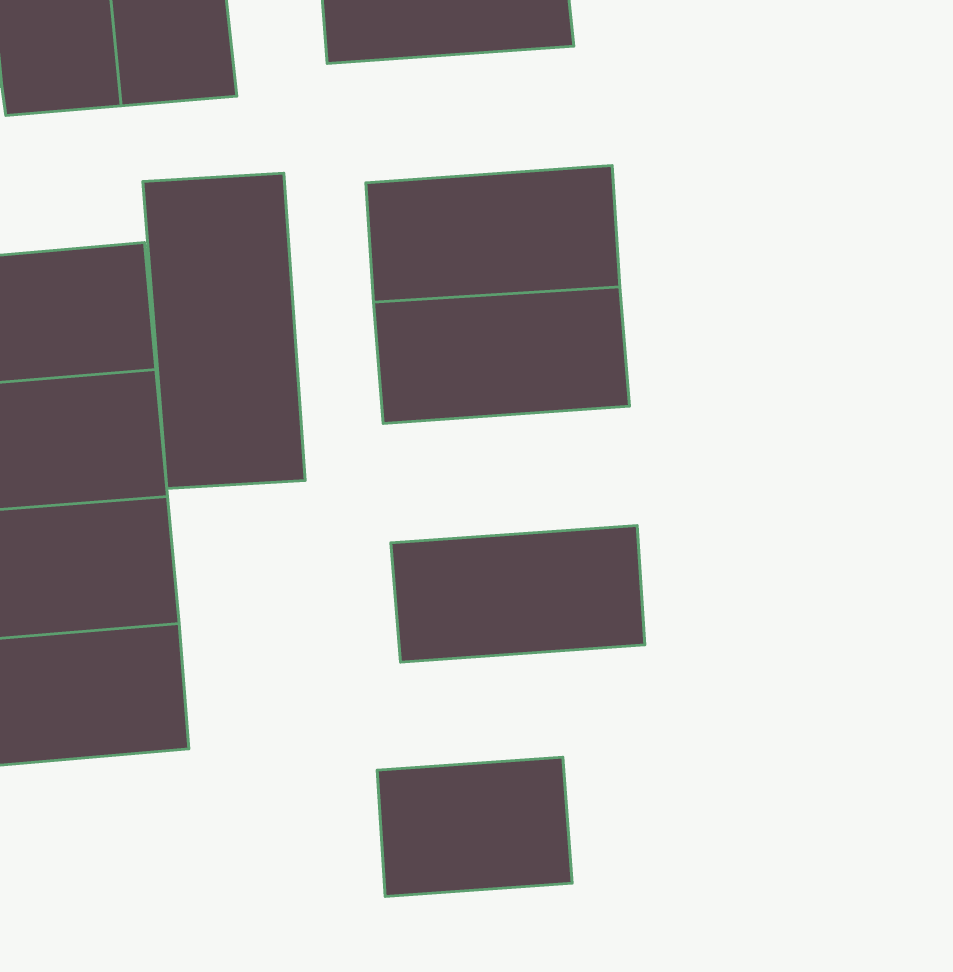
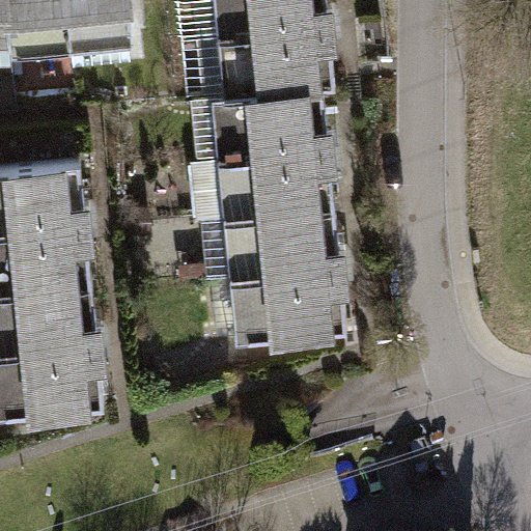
building: none -> [176,25,313,99]
building: [143,173,305,489] -> none
building: none -> [206,219,343,292]
building: [377,757,572,896] -> none

